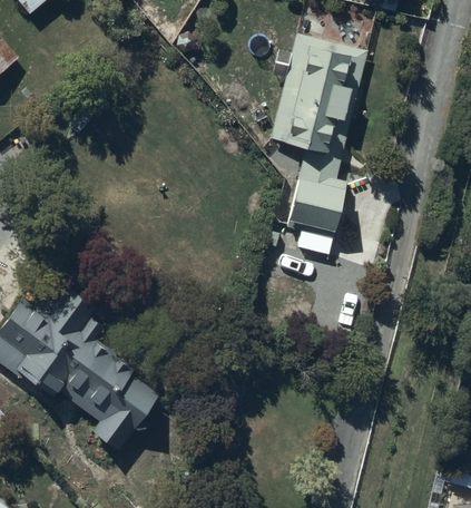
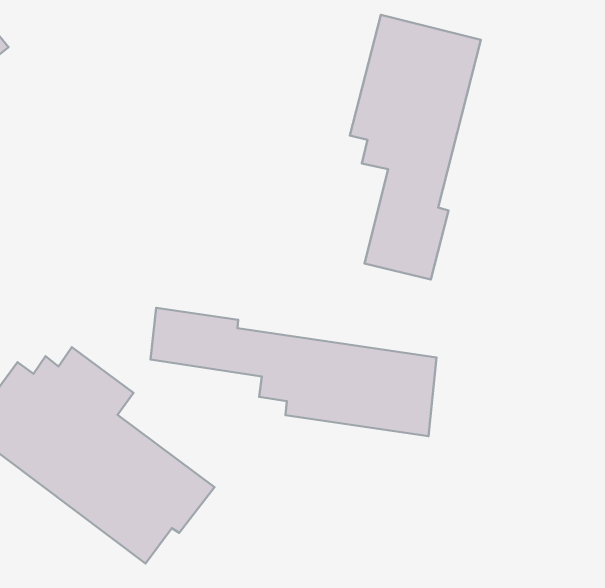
building: none -> [150,308,437,436]

